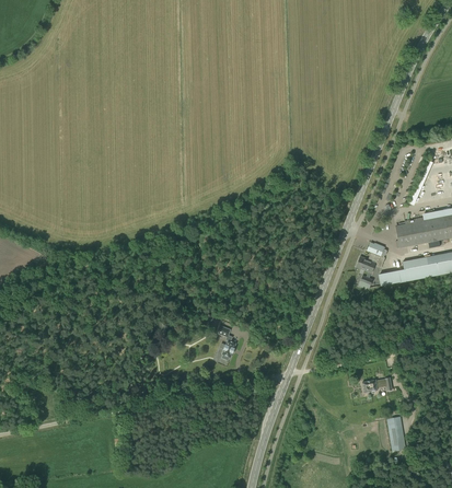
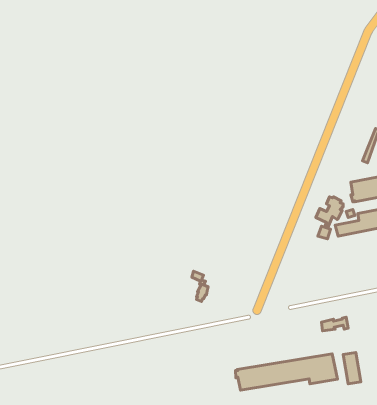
building: none -> [235,354,337,390]

